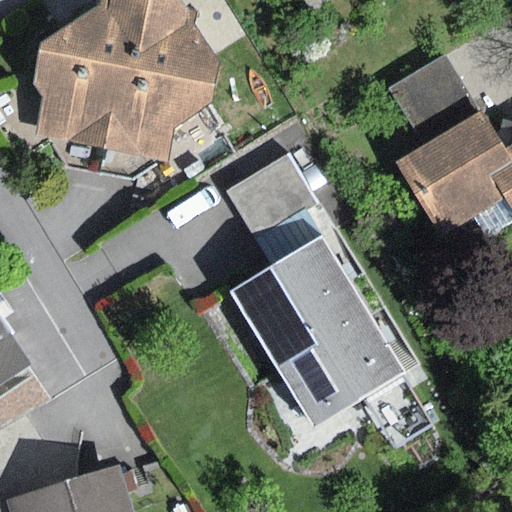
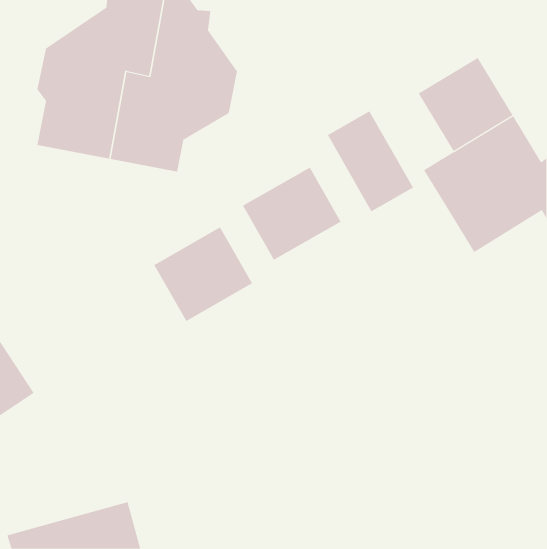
building: none -> [327,110,414,212]
building: none -> [154,227,253,322]
building: [230,235,407,427] -> none

